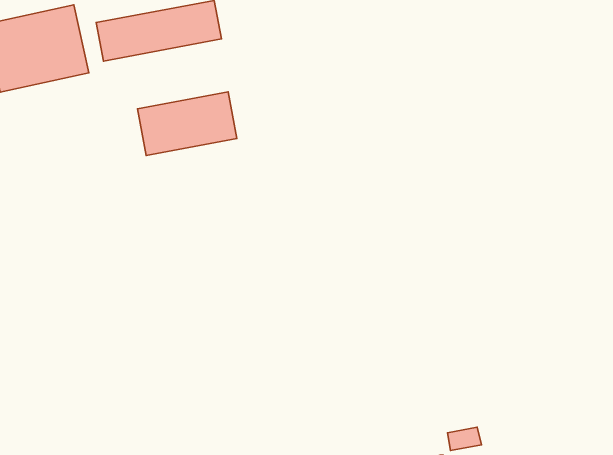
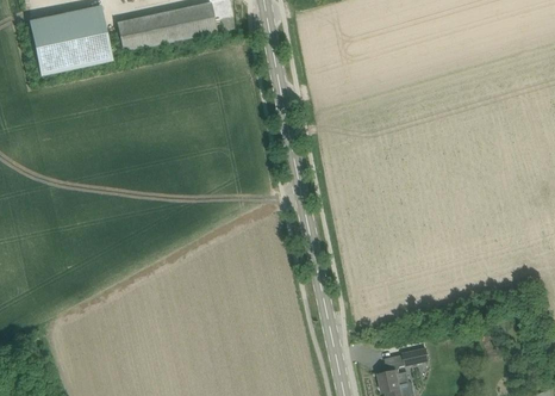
building: [138,92,237,156] -> none

